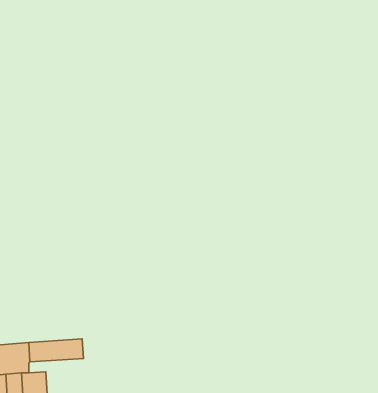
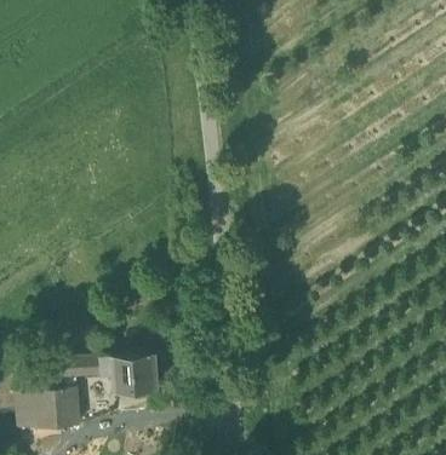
building: none -> [124,353,168,393]

